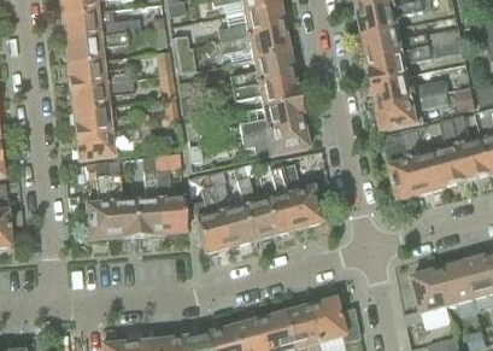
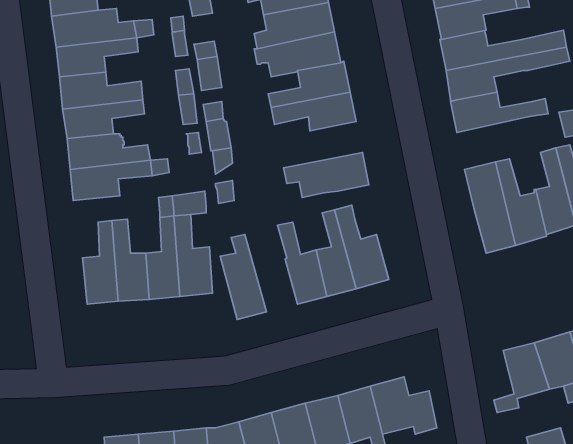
building: [377,92,451,130] -> none
building: [240,98,304,134] -> none
building: [212,182,253,246] -> none

